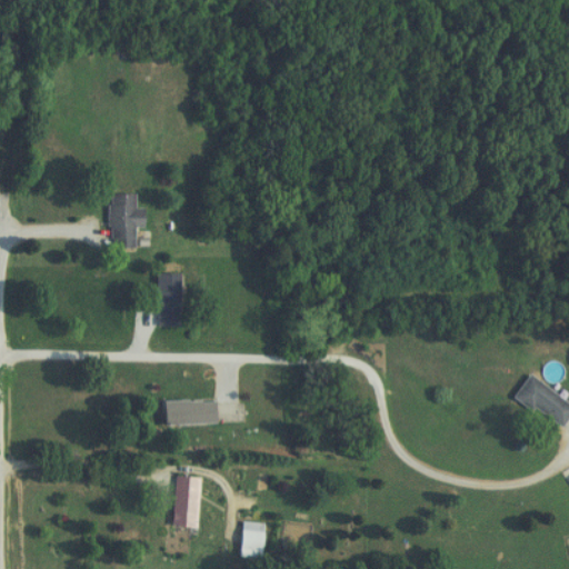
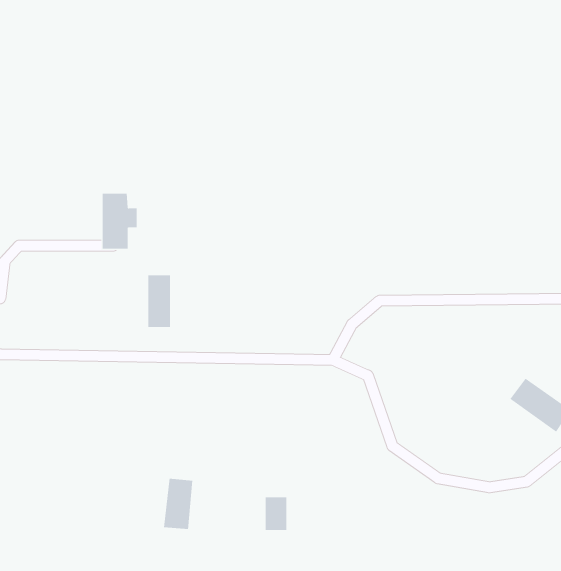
building: [164,401,218,425] -> none
building: [242,522,264,556] -> [265,497,287,531]

